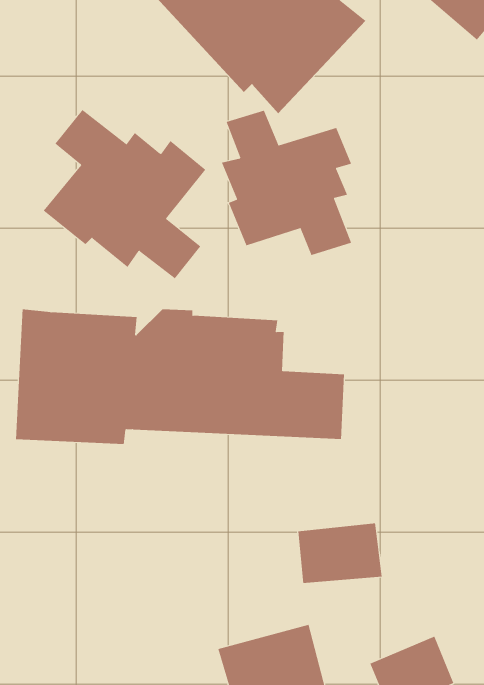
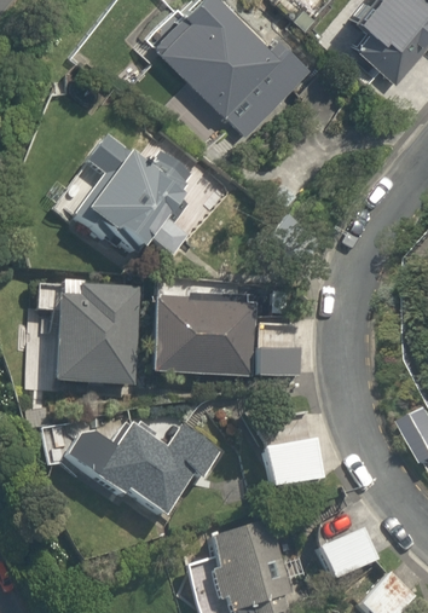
building: [221,110,352,256] -> none
building: none -> [62,412,192,520]

